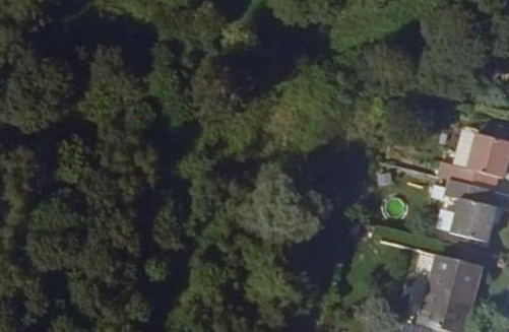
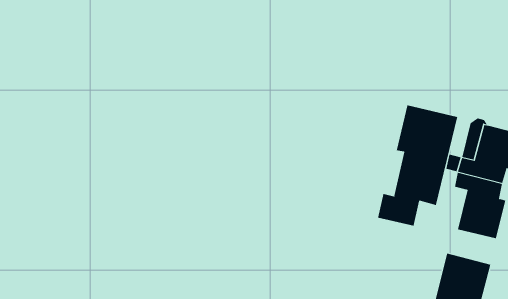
building: none -> [377,105,458,226]

